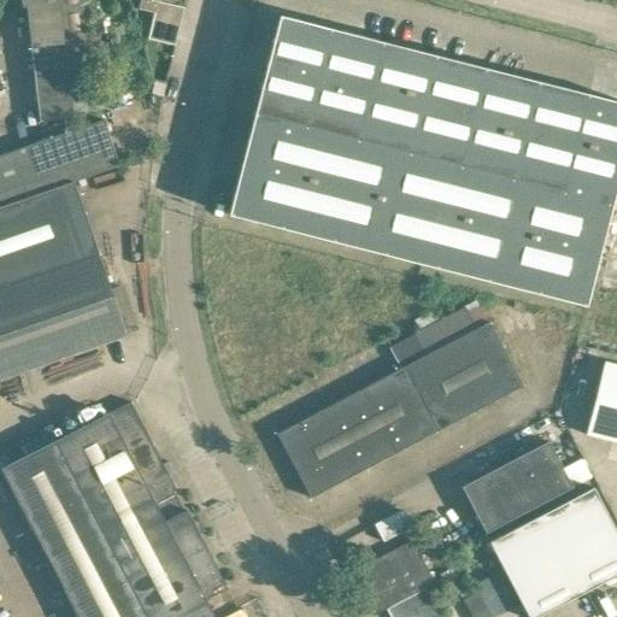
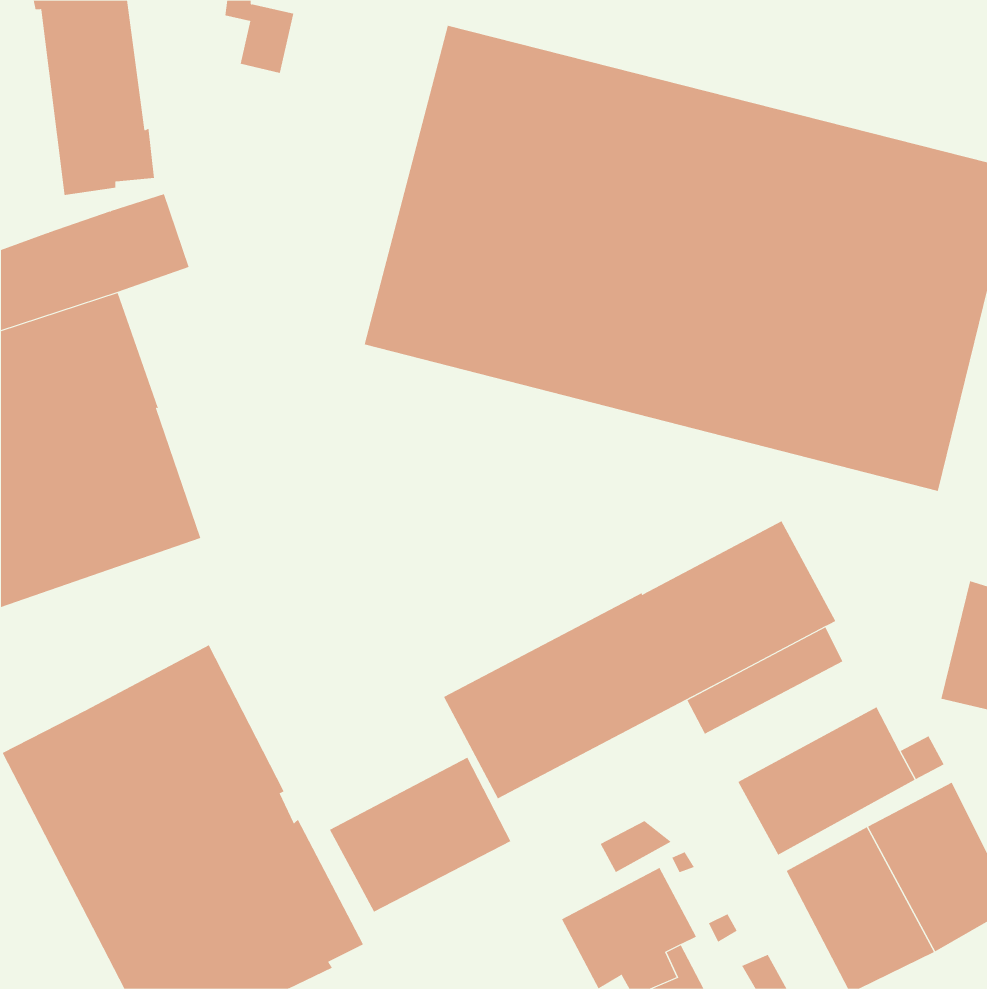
building: [390,302,488,370] -> [687,627,843,735]
building: none -> [329,757,511,913]

